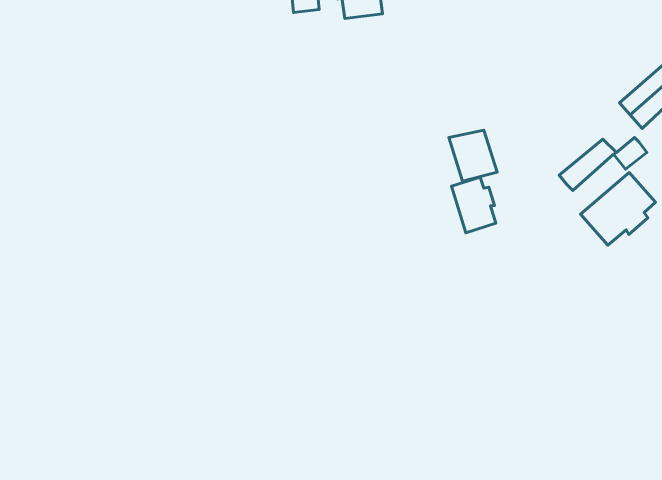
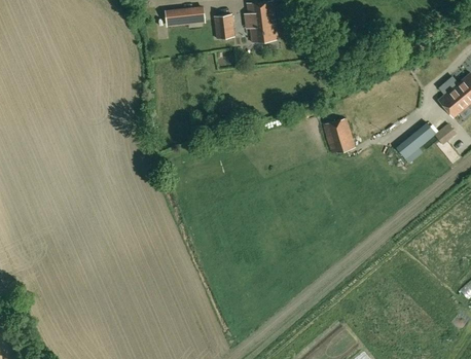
building: [581,172,655,245] -> none
building: [451,177,496,233] -> none

